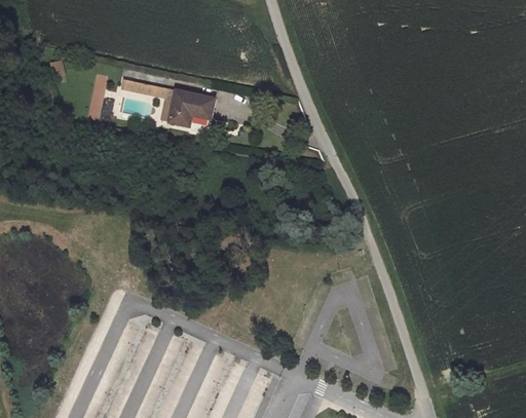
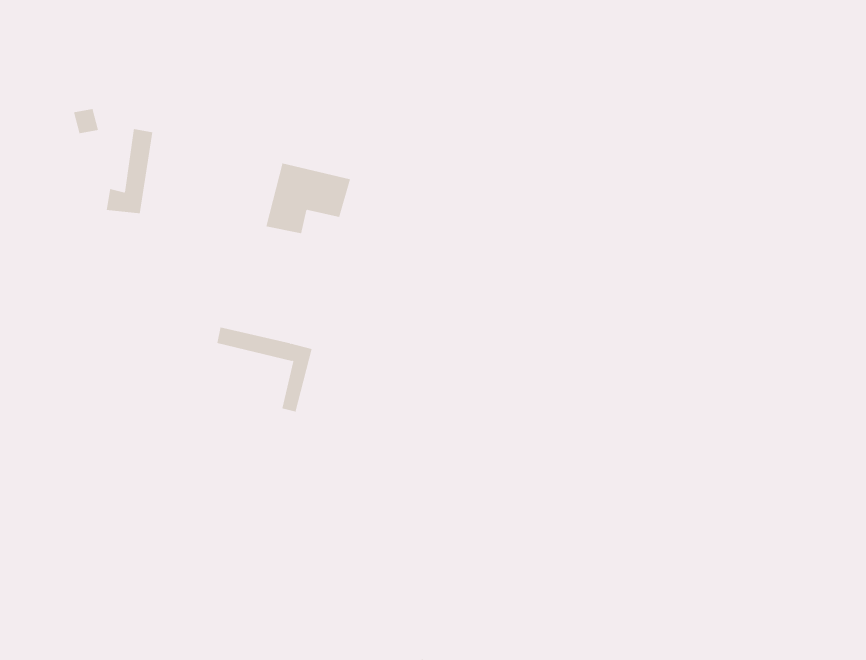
building: [126,80,181,128] -> [216,327,312,412]

